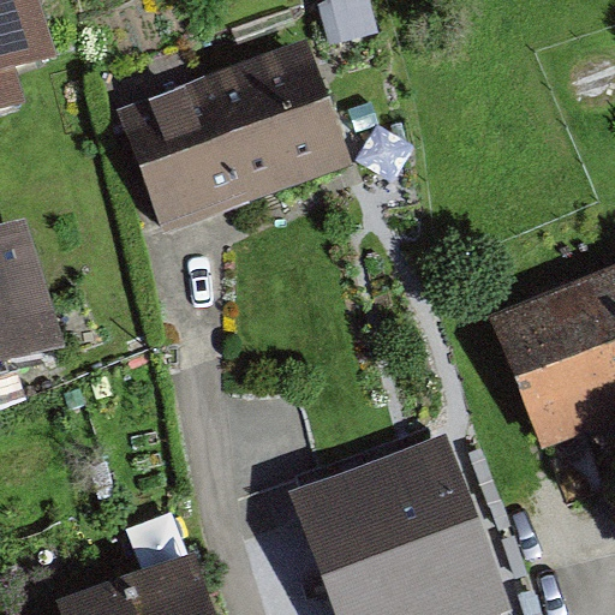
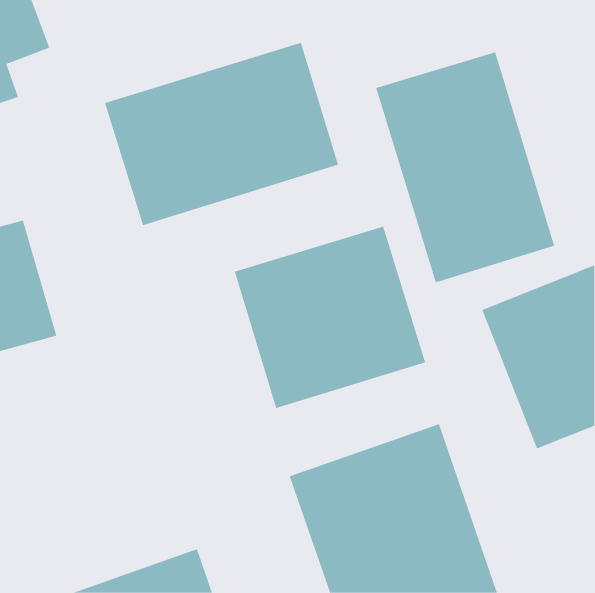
building: none -> [375,51,555,283]
building: none -> [234,226,426,409]

